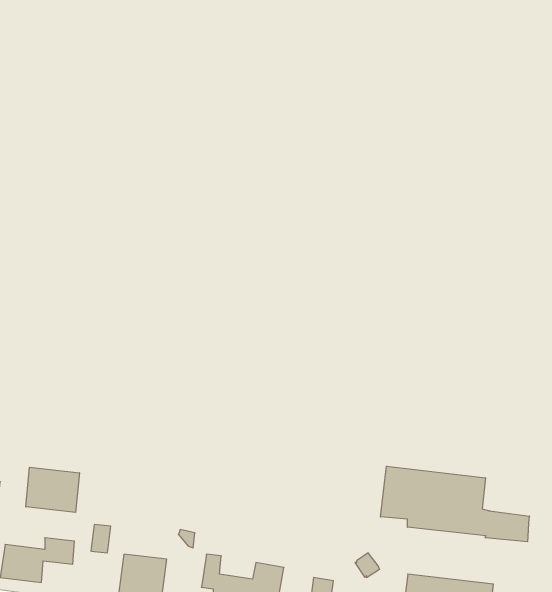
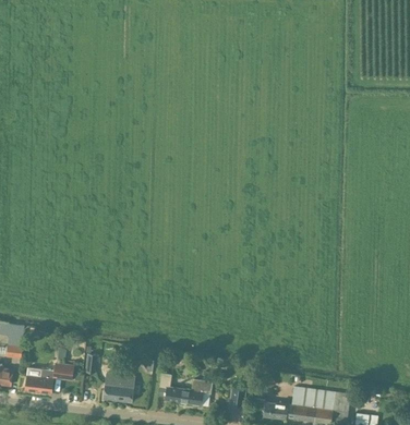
building: [381,466,529,542] -> none
building: [26,467,79,512] -> none

